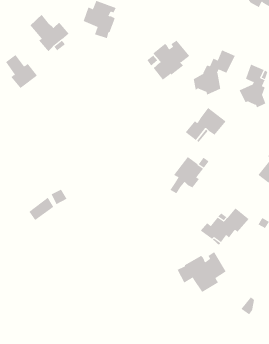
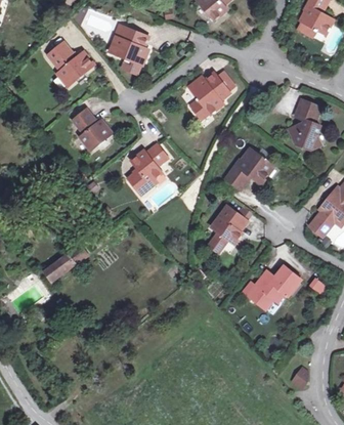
building: [193,49,236,95] -> none
building: [5,54,38,89] -> [74,110,112,150]
building: none -> [129,143,168,194]
building: [177,251,227,293] -> none

